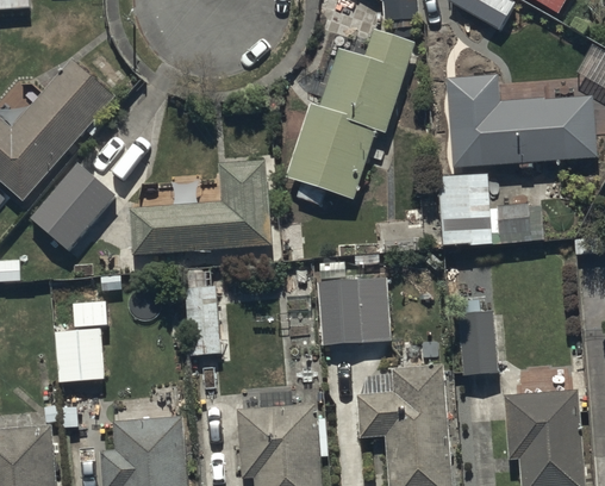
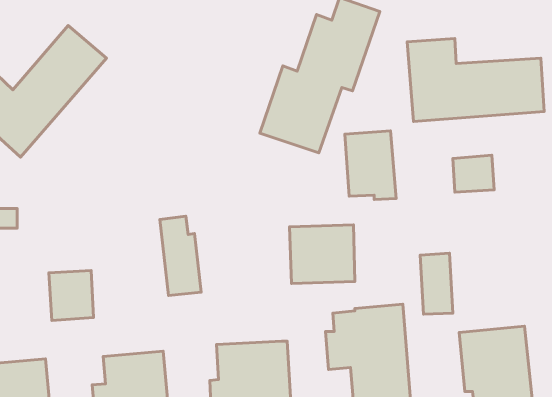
building: [131,160,272,255] -> none
building: [31,163,125,257] -> none
building: [436,172,492,247] -> [345,131,396,200]

